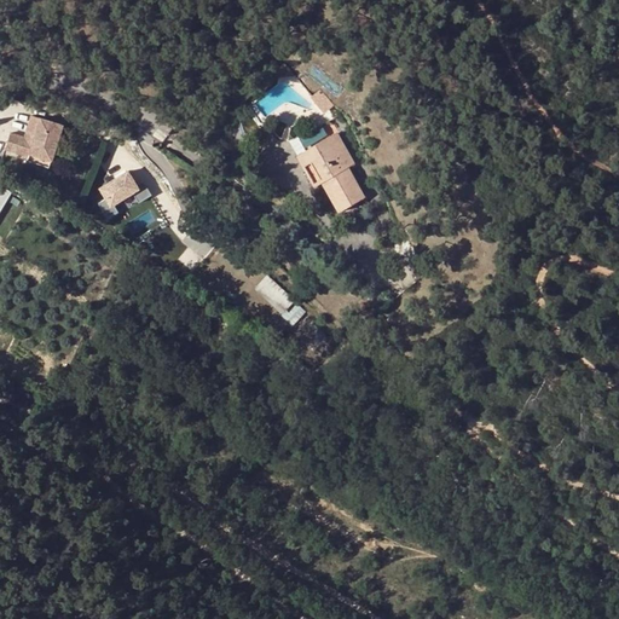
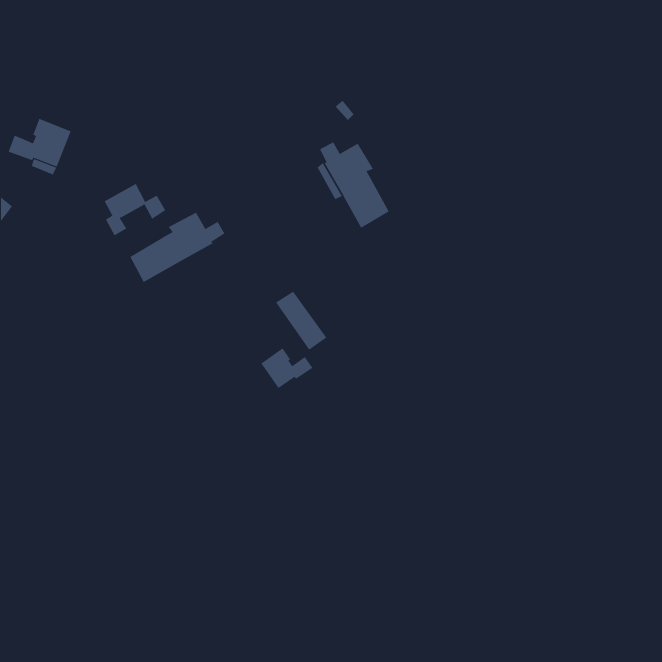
building: none -> [129,212,225,283]
building: none -> [260,347,313,389]

